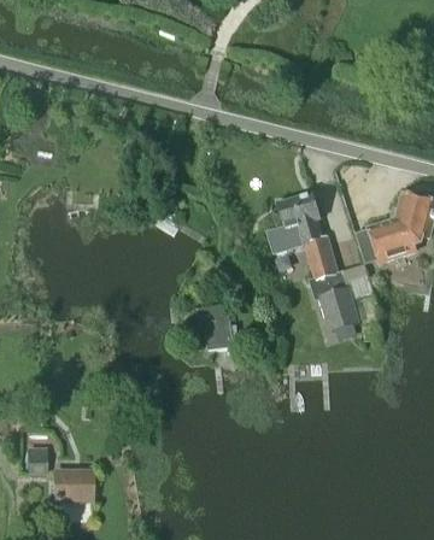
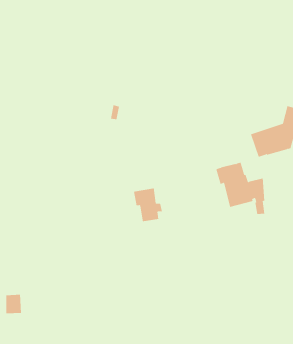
building: [266,193,336,277] -> none
building: [55,472,93,501] -> none

